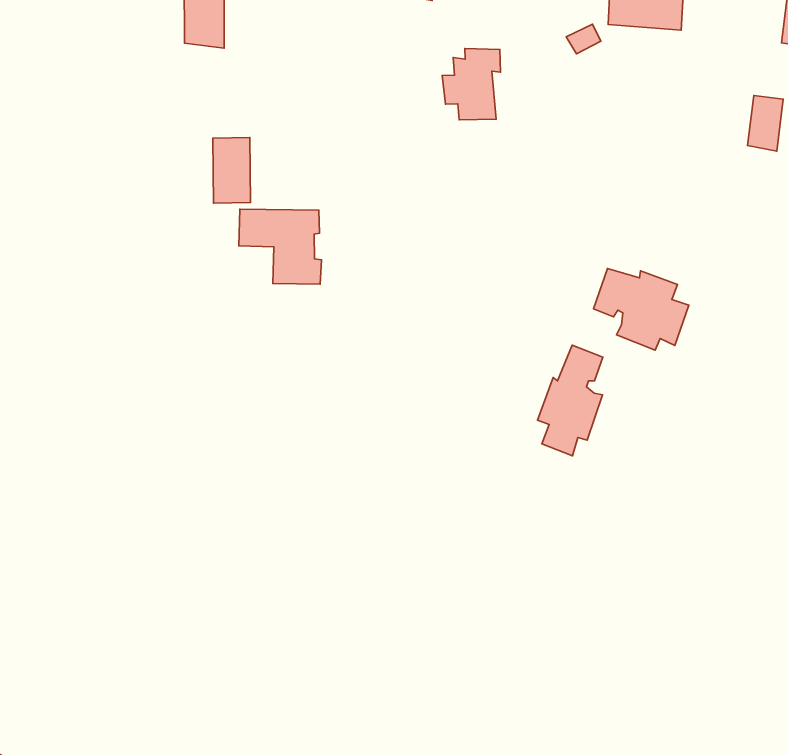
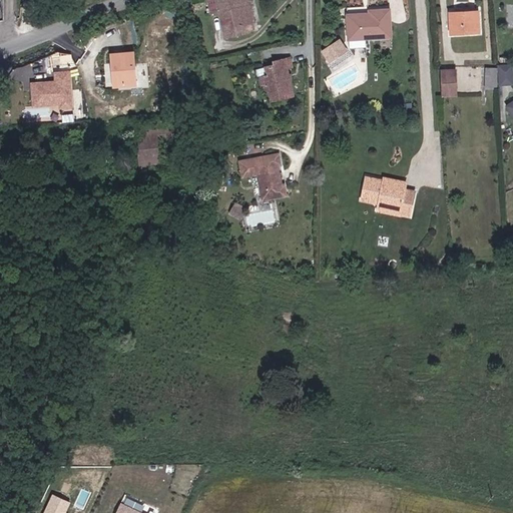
building: none -> [27,71,69,107]
building: [239,209,321,284] -> [240,154,292,199]
building: [538,345,603,456] -> none

